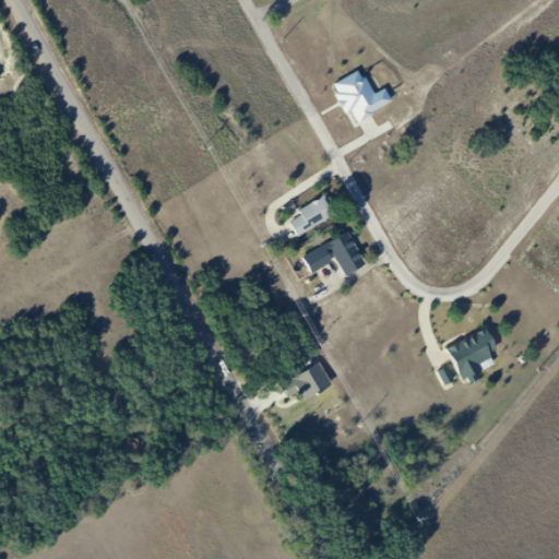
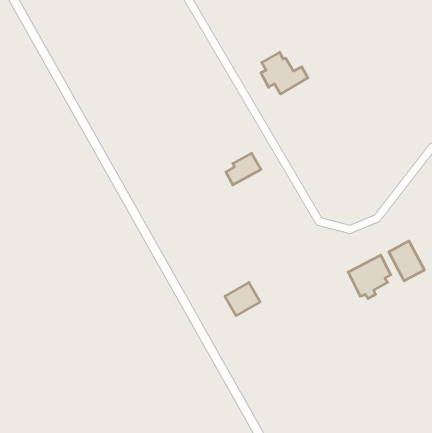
building: [299,226,367,276] -> none
building: none -> [389,241,424,281]

